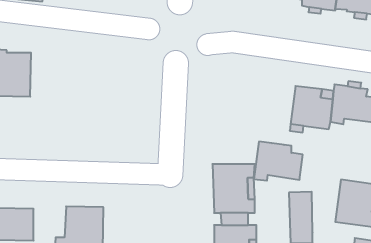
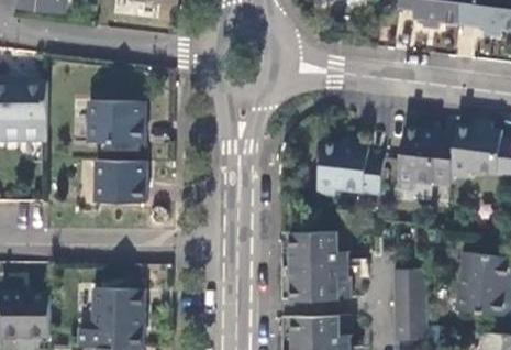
building: none -> [88,102,143,144]
building: none -> [93,160,145,201]
building: [254,142,303,181] -> [316,142,382,195]

